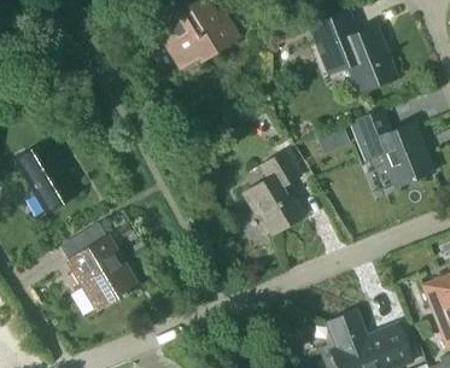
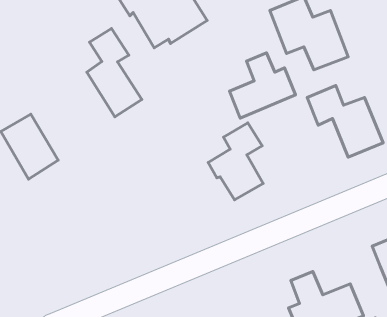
building: none -> [87,28,142,117]
building: none -> [229,53,295,118]
building: [60,223,136,310] -> none

